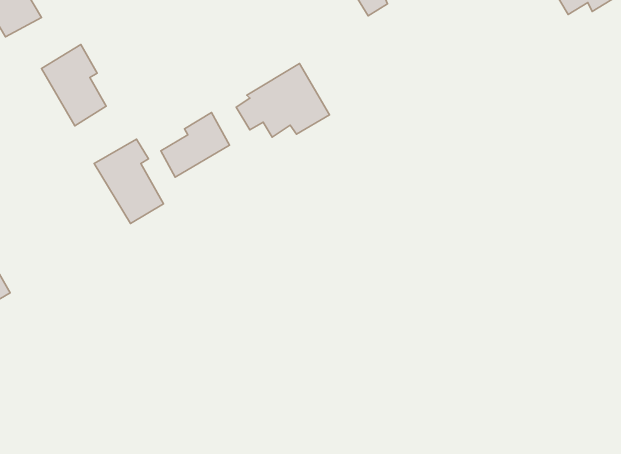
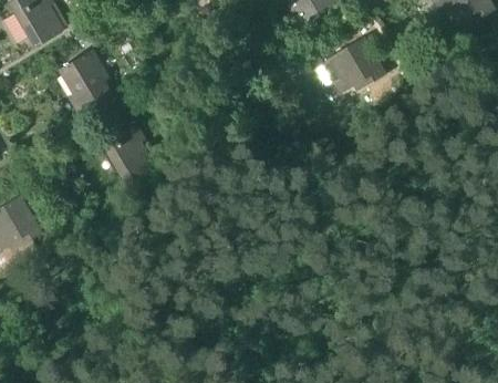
building: [236,64,329,137] -> [315,38,384,92]
building: [161,113,229,177] -> none

